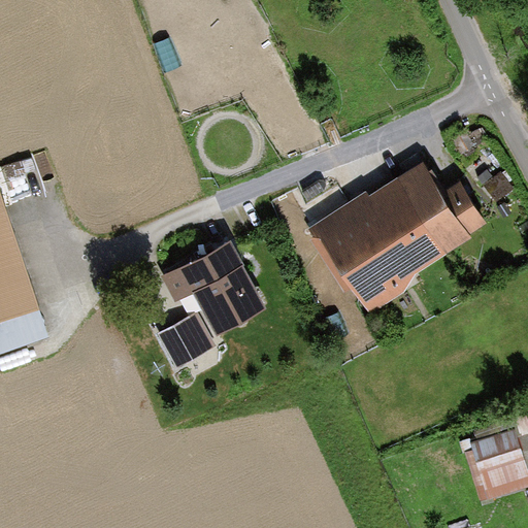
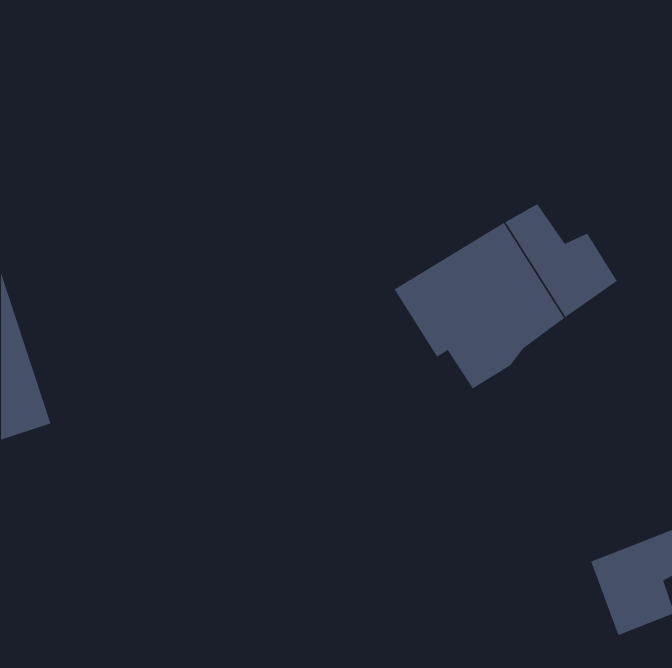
building: [162,240,261,328] -> none
building: [158,314,212,367] -> none

